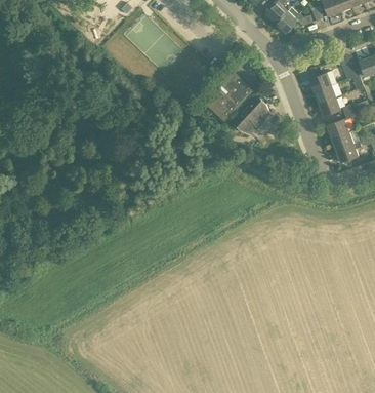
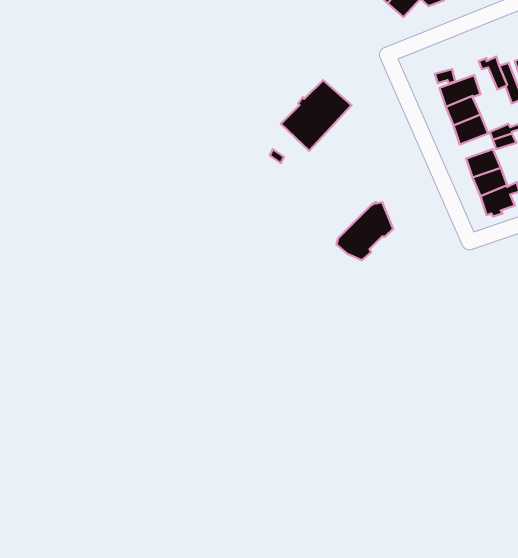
building: [234,96,270,134] -> [337,202,393,260]

